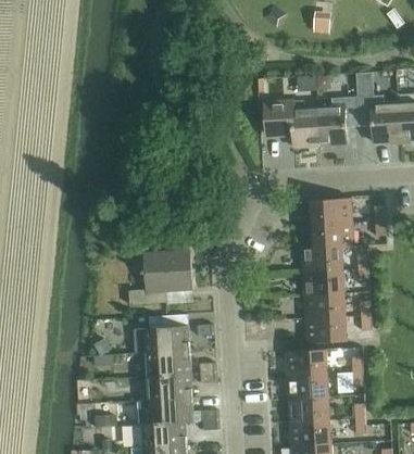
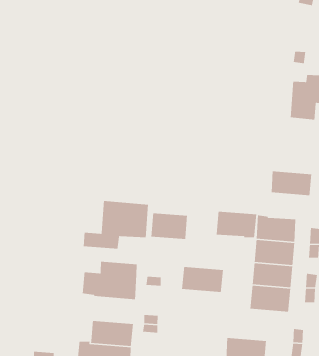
building: [261,100,321,148] -> none
building: [312,222,353,249] -> [216,211,257,238]
building: none -> [151,213,188,240]
building: [286,350,328,376] -> [181,266,224,293]
building: [147,351,191,377] -> none

